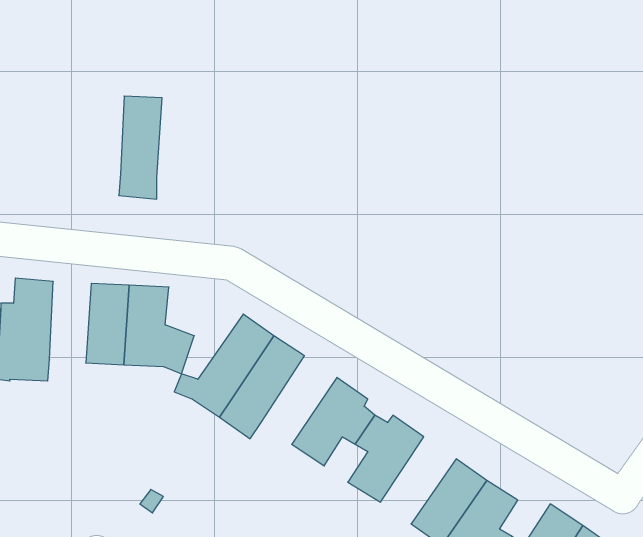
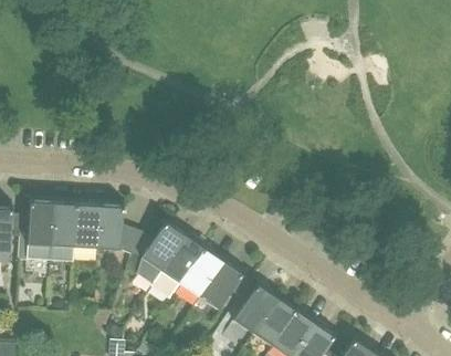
building: [119,96,162,199] -> [49,199,75,262]
building: none -> [179,244,226,299]
building: none -> [252,294,298,347]

